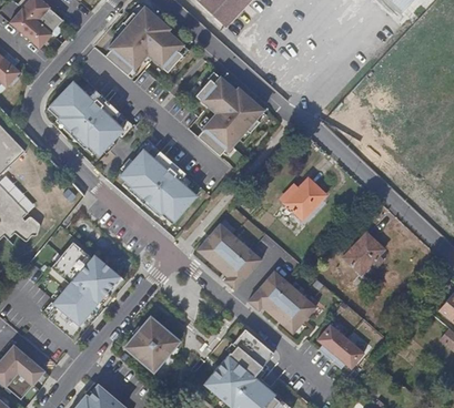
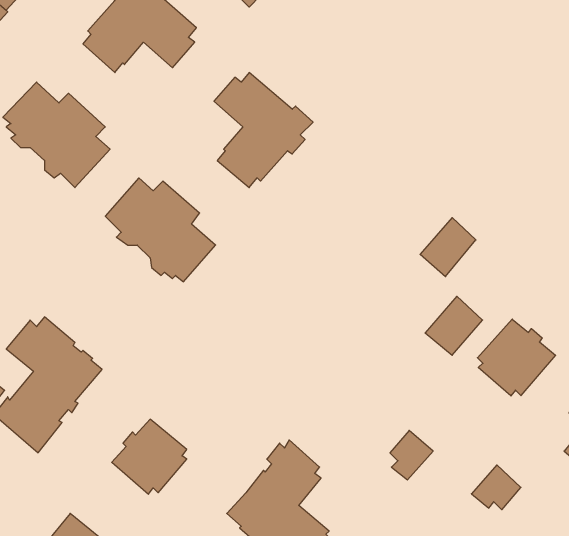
building: [284,178,323,220] -> [420,218,476,277]
building: [198,223,263,289] -> none
building: none -> [477,319,556,396]
building: [249,271,317,334] -> none
building: [331,338,365,369] -> [471,465,521,510]

